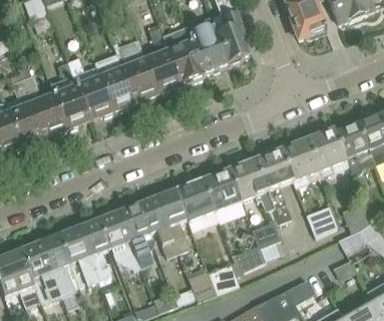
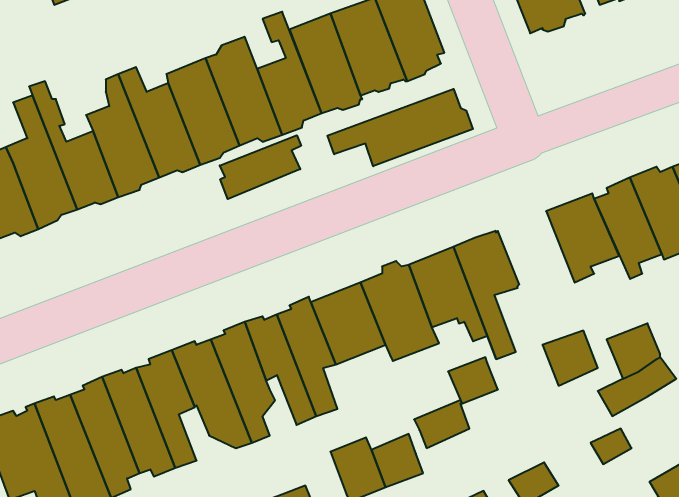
building: none -> [327,89,473,166]
building: none -> [220,135,301,199]
building: [280,138,324,190] -> none

